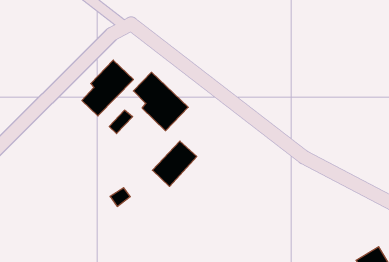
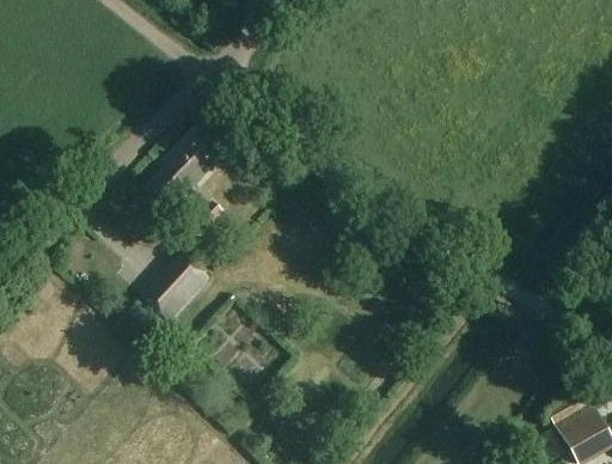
building: [133,72,188,131] -> none
building: [152,141,197,186] -> [142,251,208,318]

